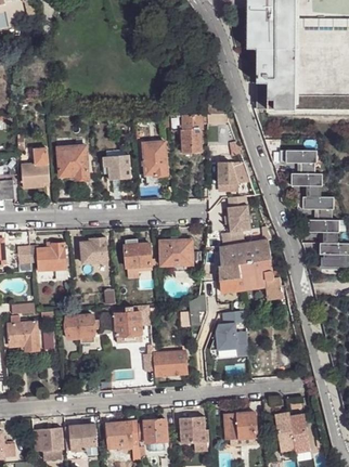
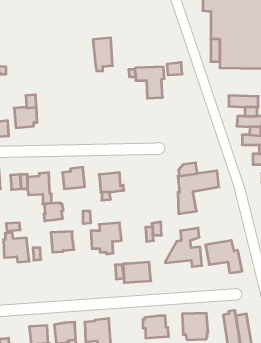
building: [142,142,166,182] -> [93,38,113,71]
building: [56,145,88,180] -> none
building: [102,155,130,181] -> none
building: [218,163,248,184] -> none
building: [227,206,249,232] -> none
building: [159,239,192,265] -> none
building: [237,260,282,299] -> [205,240,242,273]
building: none -> [44,203,63,221]
building: [143,419,166,442] -> none

